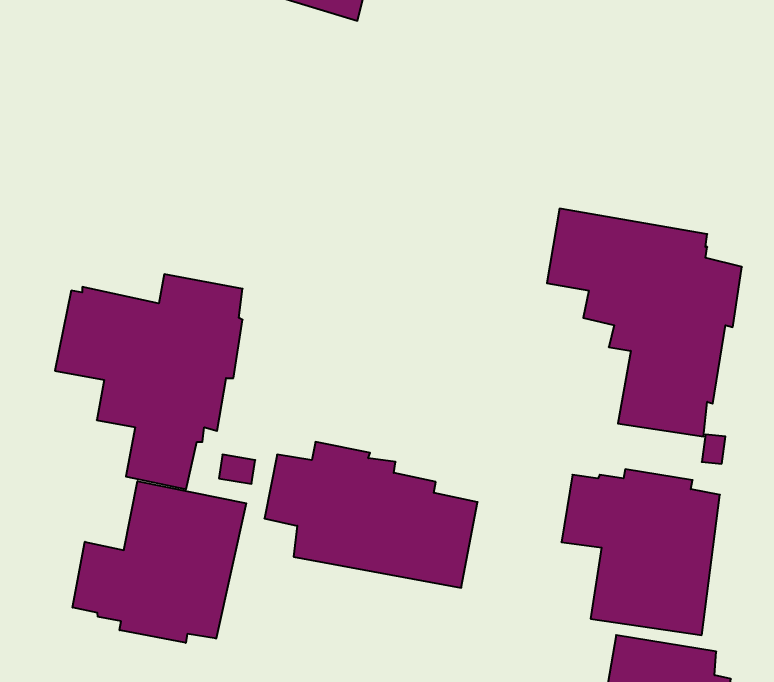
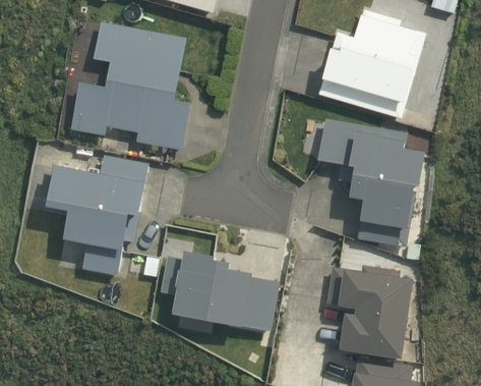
building: none -> [316,10,424,119]
building: none -> [69,22,190,151]
building: [73,481,246,643] -> none

